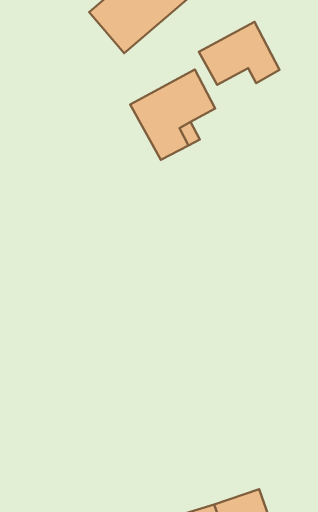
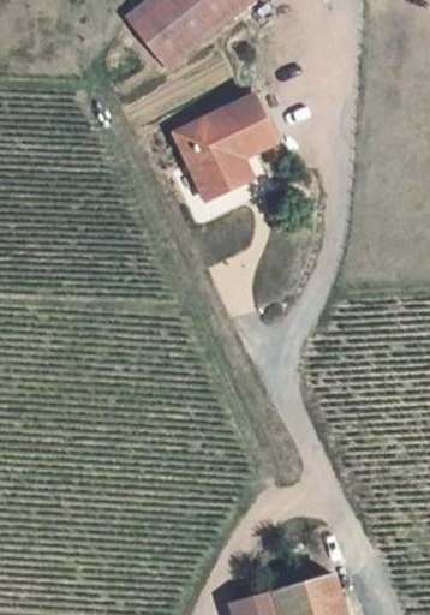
building: [199,22,280,85] -> none

